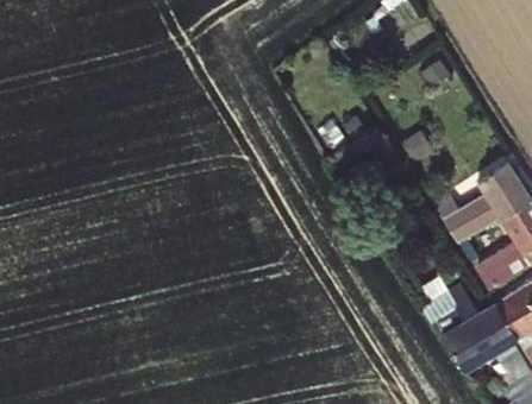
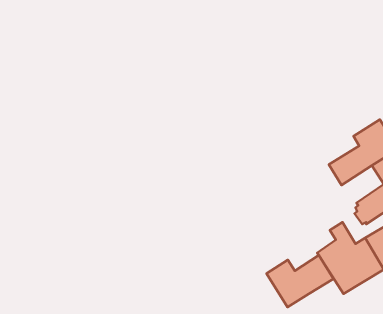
building: none -> [266,255,334,307]

